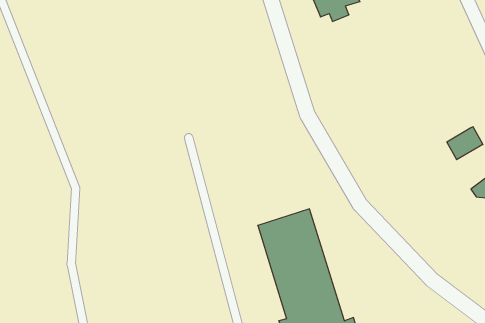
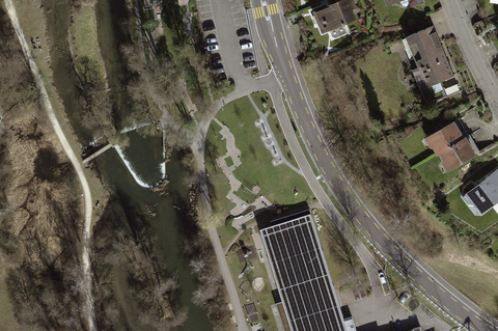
building: none -> [405,26,460,105]
building: none -> [427,122,462,154]

